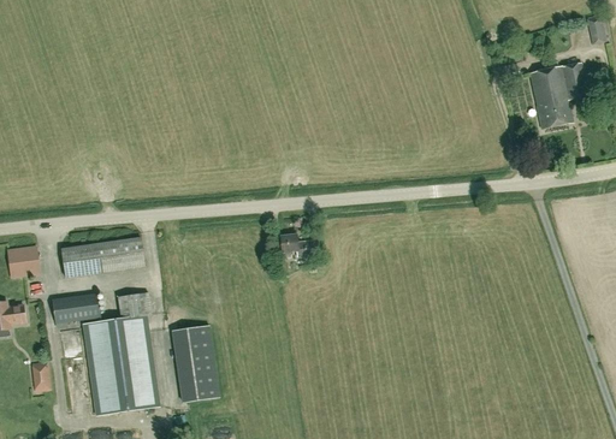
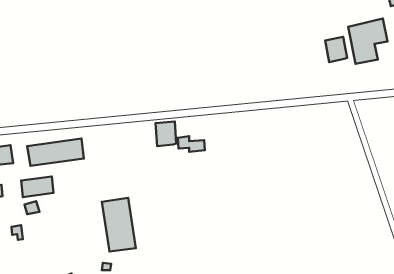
building: none -> [325,37,347,62]
building: none -> [156,122,176,146]
building: [83,292,159,415] -> none

